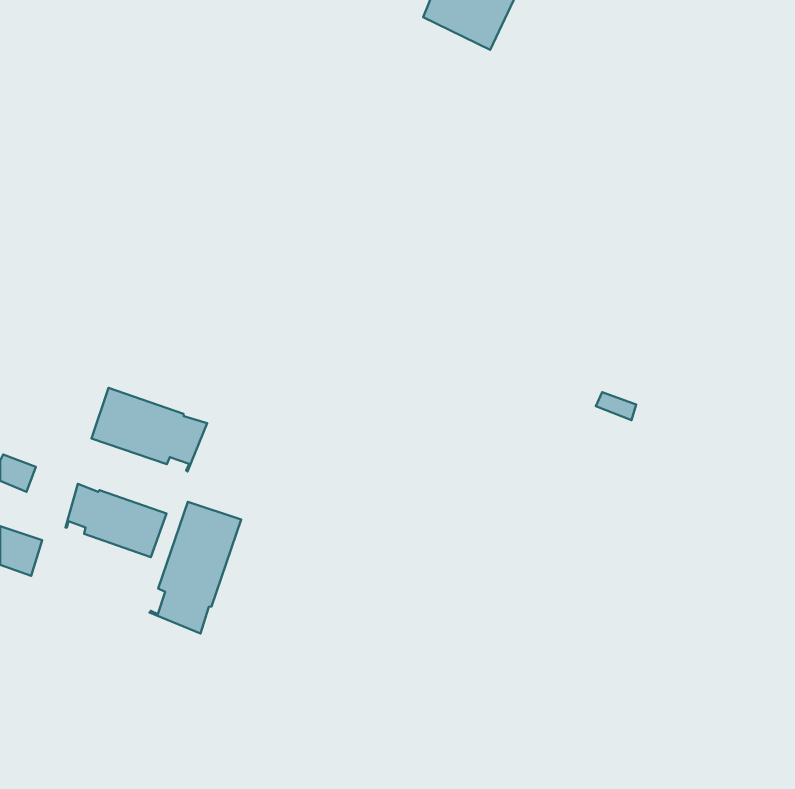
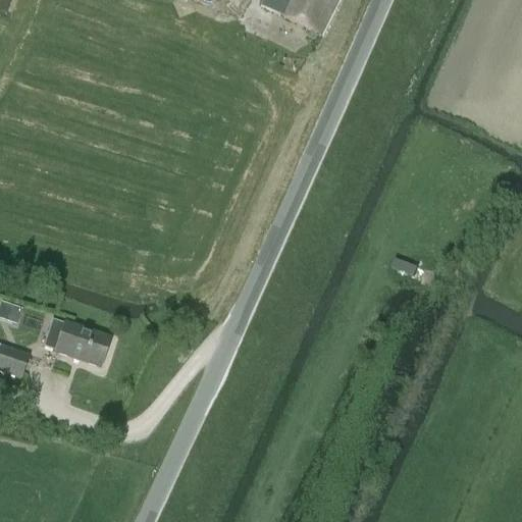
building: [92,388,207,471] -> none
building: [150,502,241,634] -> none

